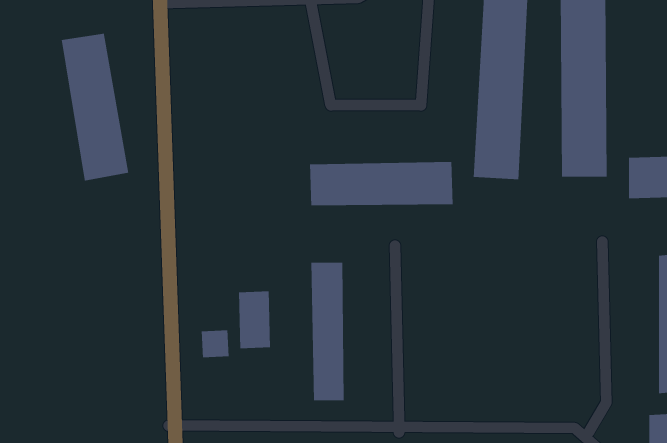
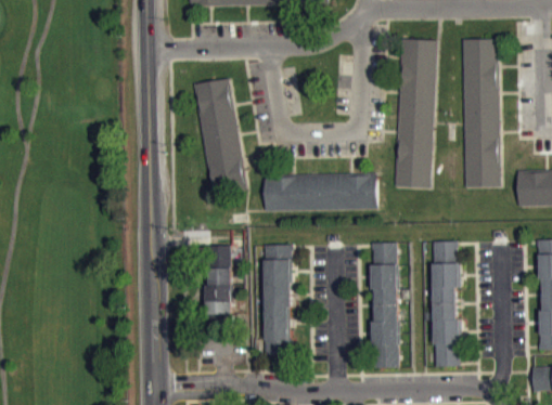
building: [61,33,129,181] -> [192,74,246,192]
building: none -> [433,245,460,370]
building: none -> [372,246,399,373]
building: [201,330,229,358] -> [208,249,231,272]

